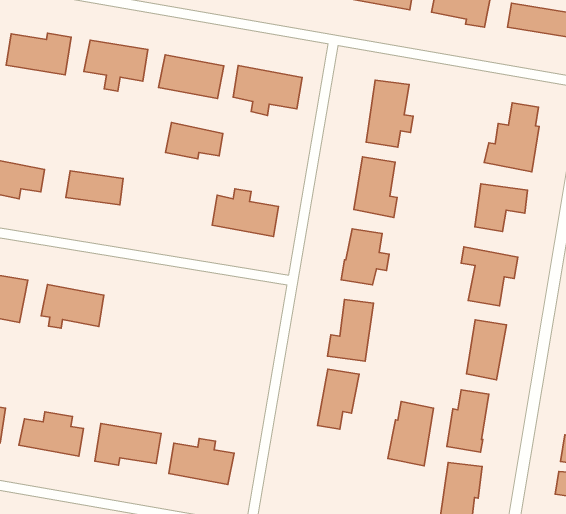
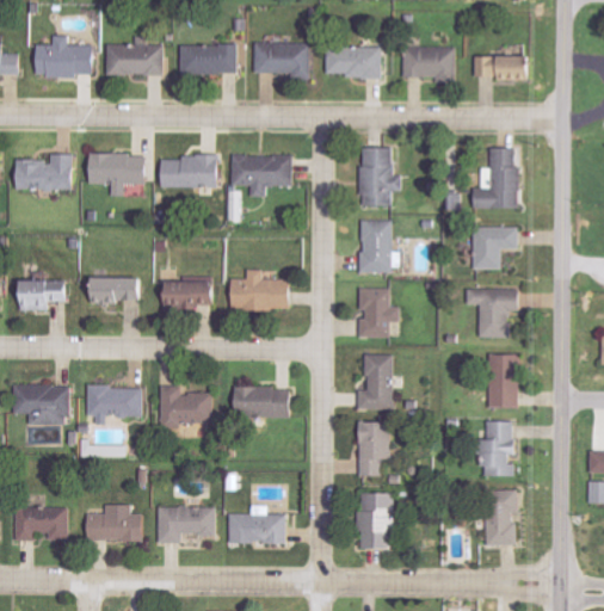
building: [165,122,223,159] -> [164,280,214,310]
building: none -> [159,385,211,426]
building: none -> [233,387,290,418]
building: [388,401,434,466] -> [357,493,392,549]

